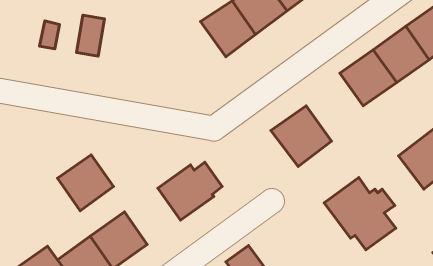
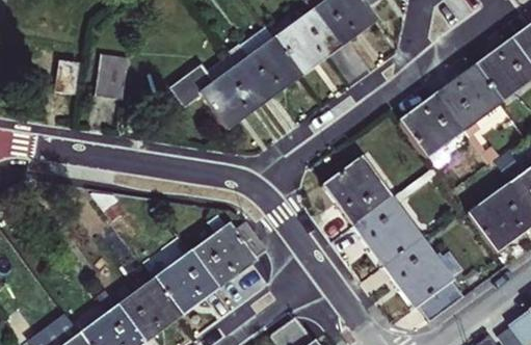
building: none -> [172,59,269,130]
building: none -> [352,196,422,267]
building: [58,155,114,211] -> [153,250,217,315]

